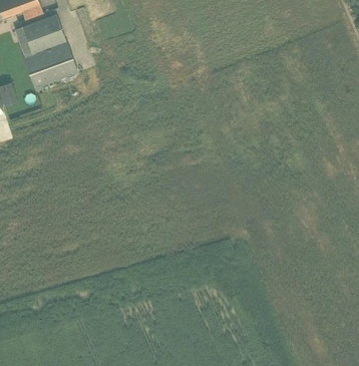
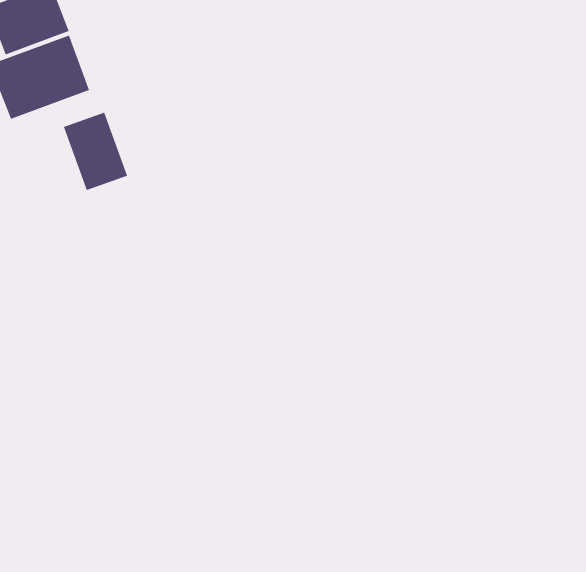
building: none -> [63,112,128,191]

